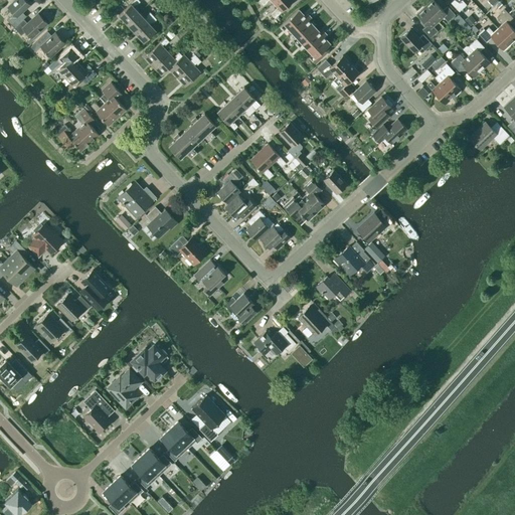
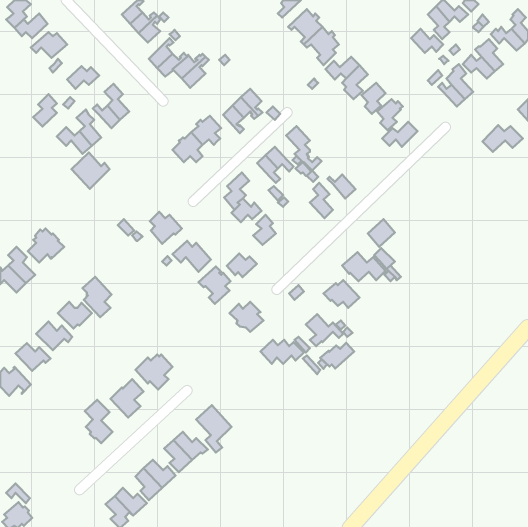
building: [56,47,79,78] -> [33,94,57,126]
building: [118,182,155,217] -> [71,153,110,189]
building: [283,195,316,221] -> none
building: [261,227,290,250] -> [227,253,257,277]
building: none -> [320,343,354,369]

